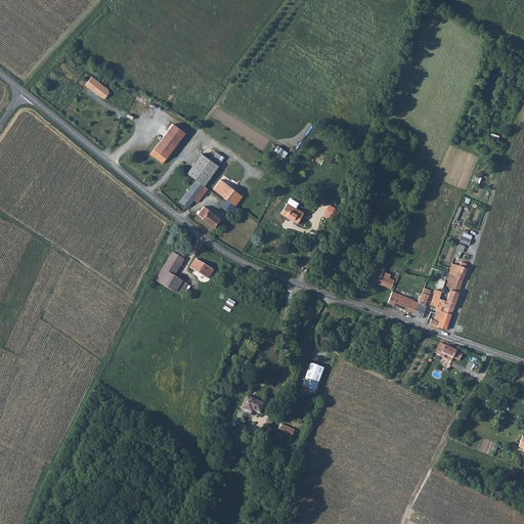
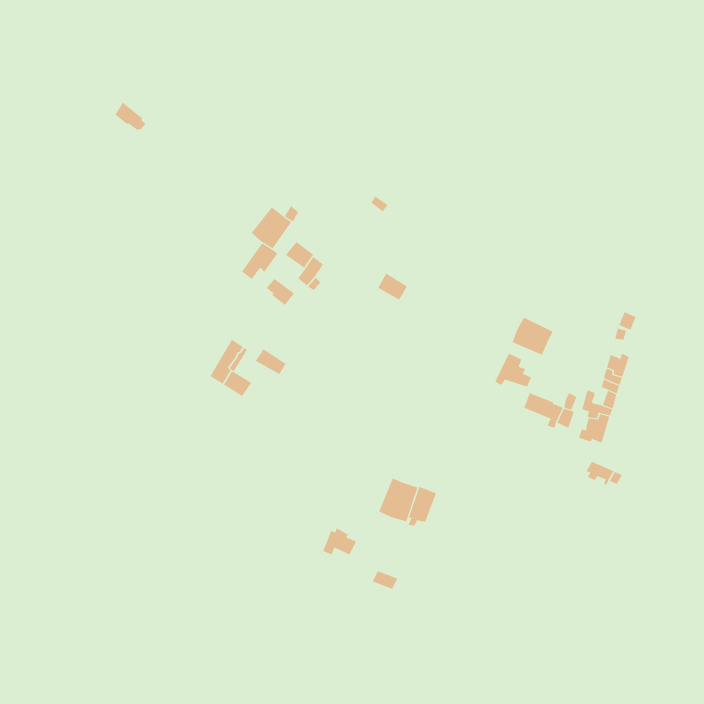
building: [149,124,184,163] -> none
building: none -> [512,317,553,356]
building: none -> [378,477,418,522]

